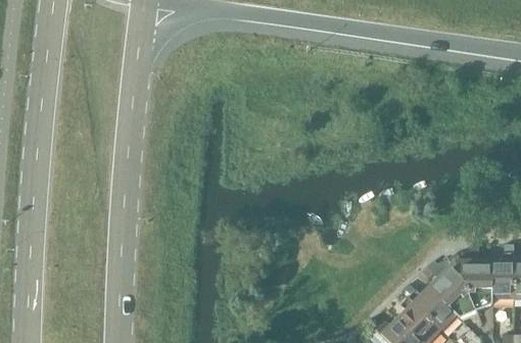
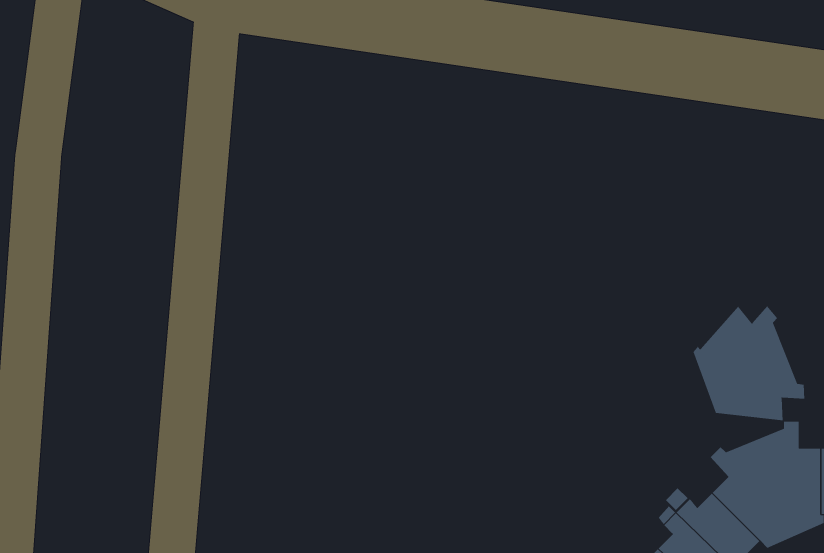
building: none -> [693,305,805,421]

